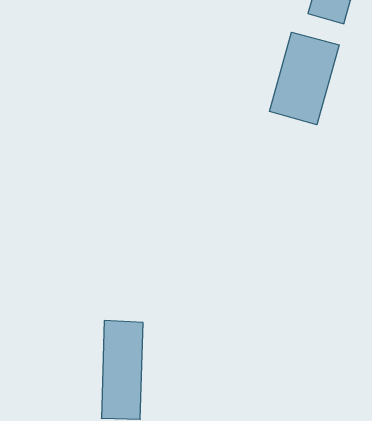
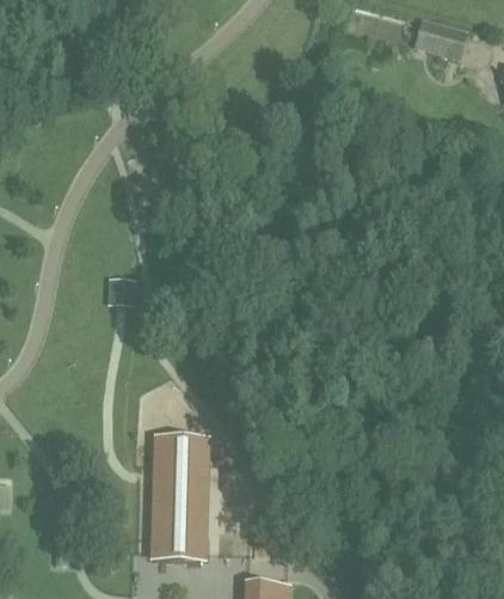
building: [269,32,339,125] -> none

